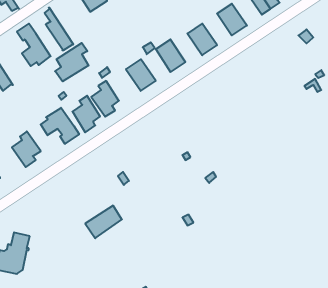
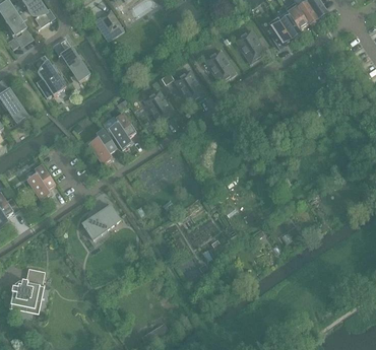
building: [55,43,89,81] -> none
building: [41,108,79,144] -> none
building: [85,206,122,238] -> [81,204,119,237]

